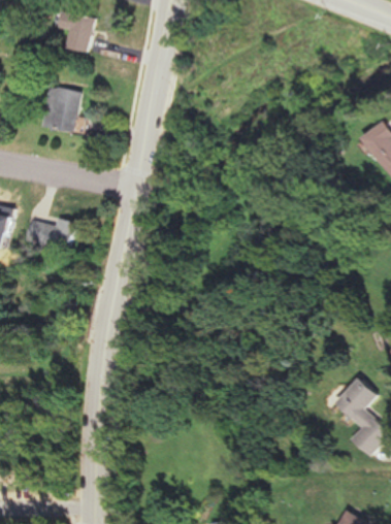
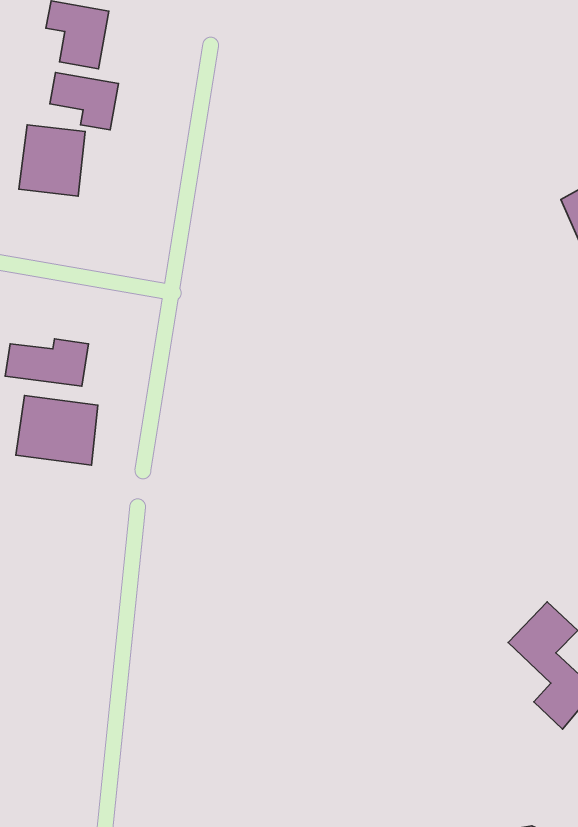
building: none -> [50,72,118,130]
building: none -> [16,396,98,465]

